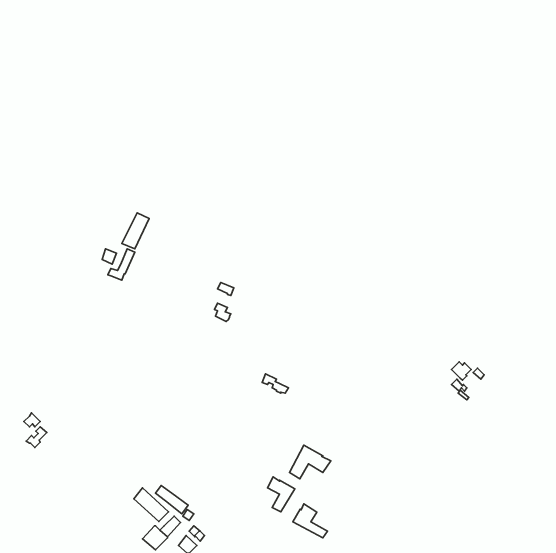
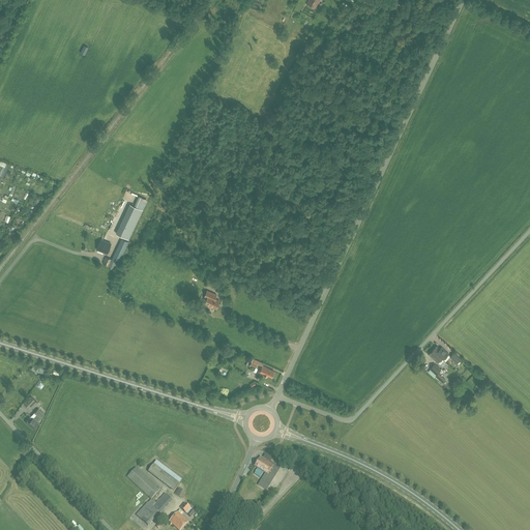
building: [290,445,331,479] -> none
building: [293,504,327,538] -> none

